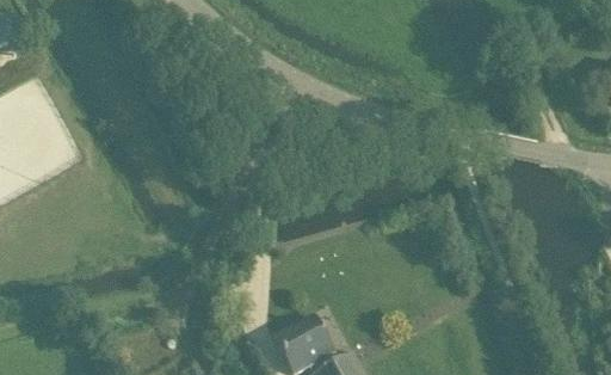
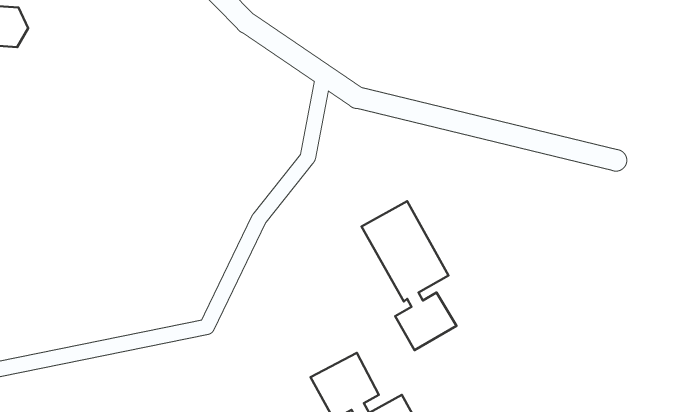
building: none -> [361,201,457,350]

